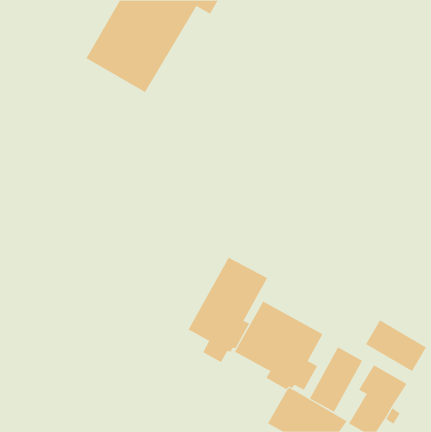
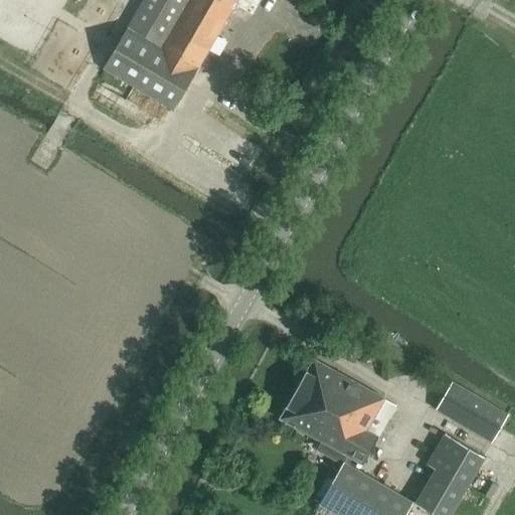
building: [188,257,268,363] -> none
building: [309,347,363,413] -> none

